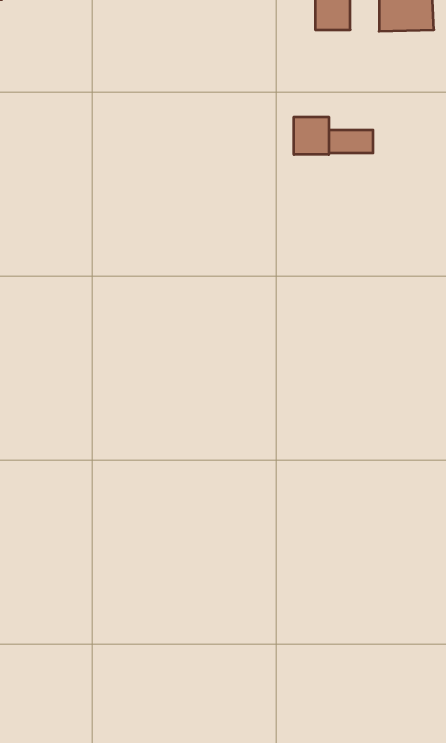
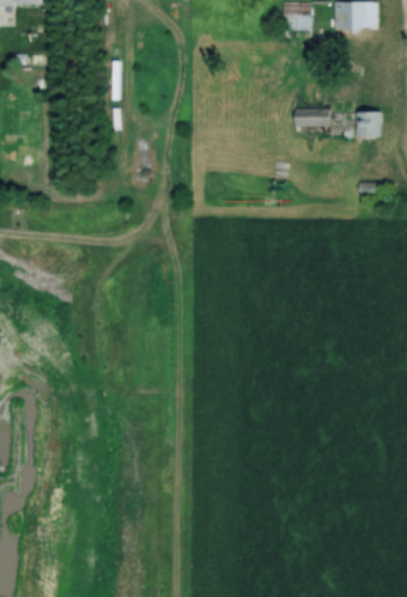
building: [294,117,329,155] -> none
building: none -> [359,111,382,138]

